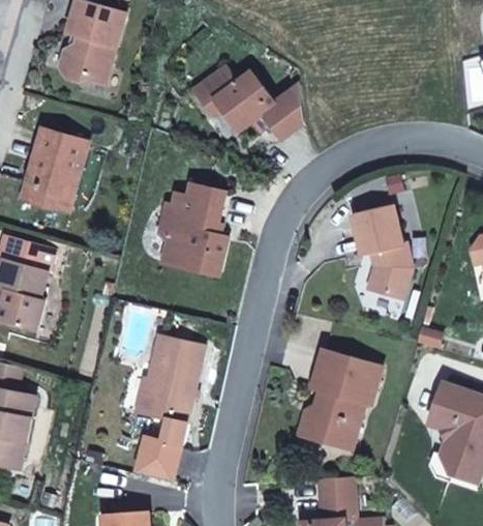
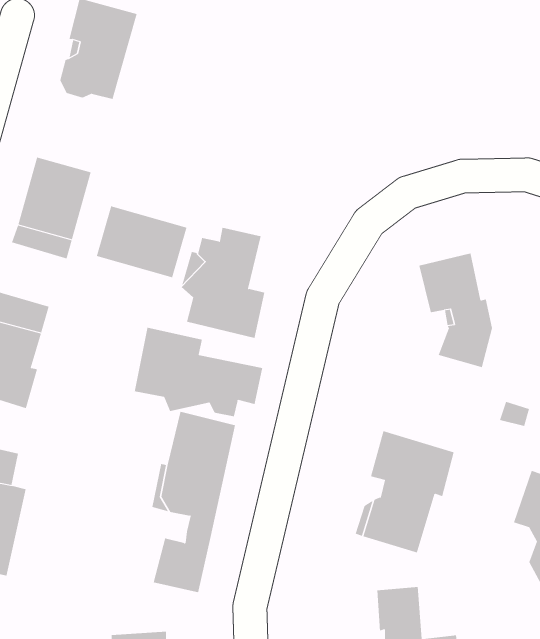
building: [195,67,303,141] -> none
building: none -> [96,205,187,278]
building: none -> [134,327,263,417]

